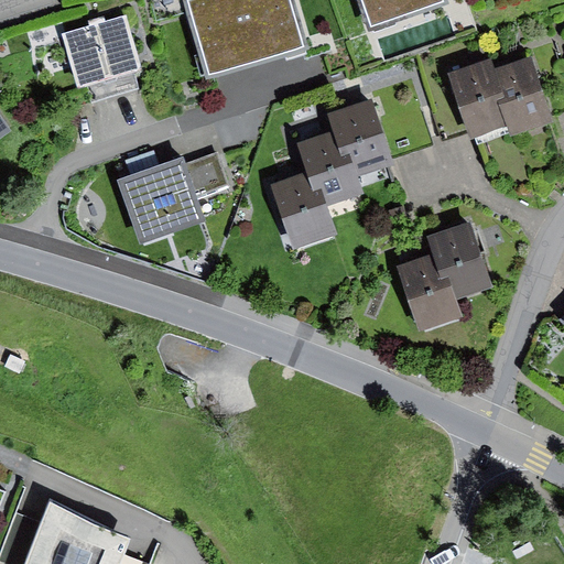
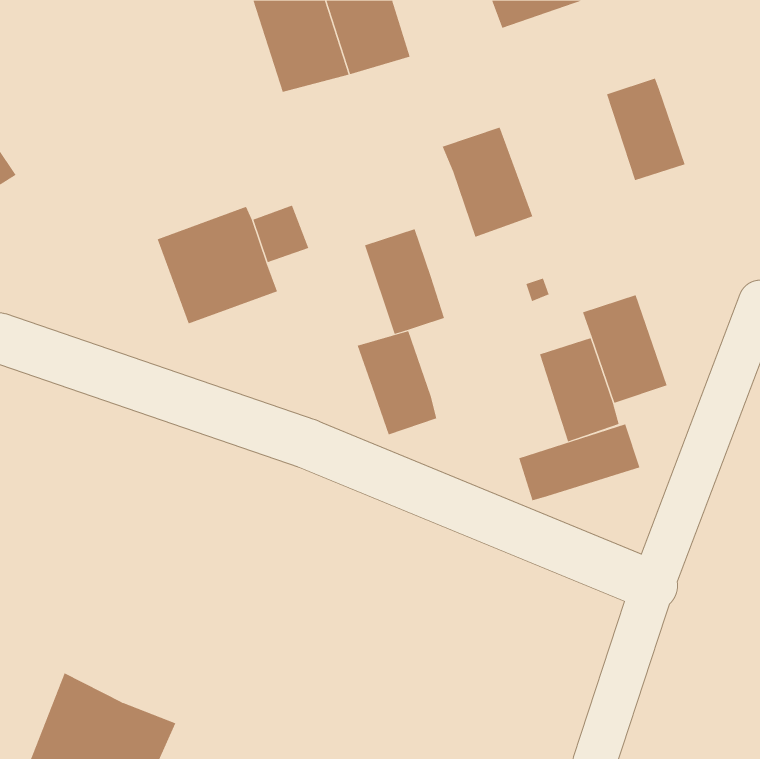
building: [61,15,141,88] -> none
building: [487,55,551,134] -> none
building: [295,130,355,207] -> [357,330,437,435]
building: none -> [519,424,640,501]

